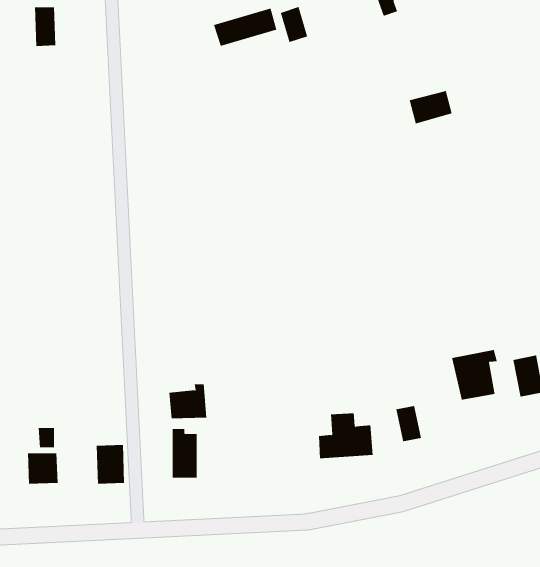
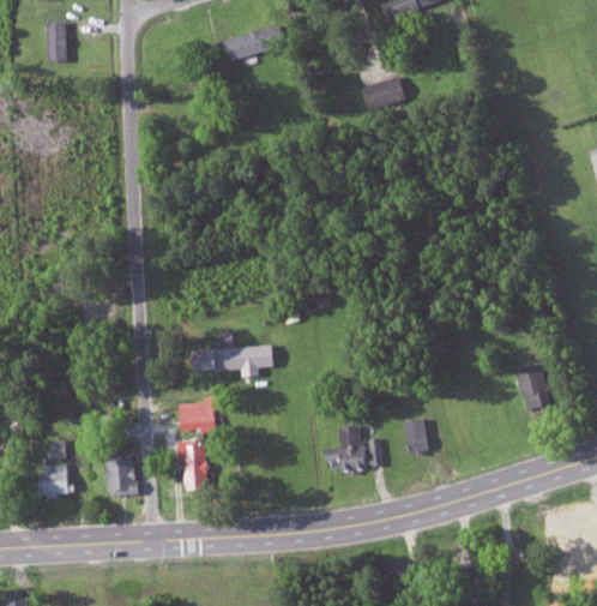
building: [280,6,308,43] -> none
building: [409,90,452,124] -> [362,76,405,109]
building: none -> [195,346,275,376]
building: [451,349,498,400] -> none

